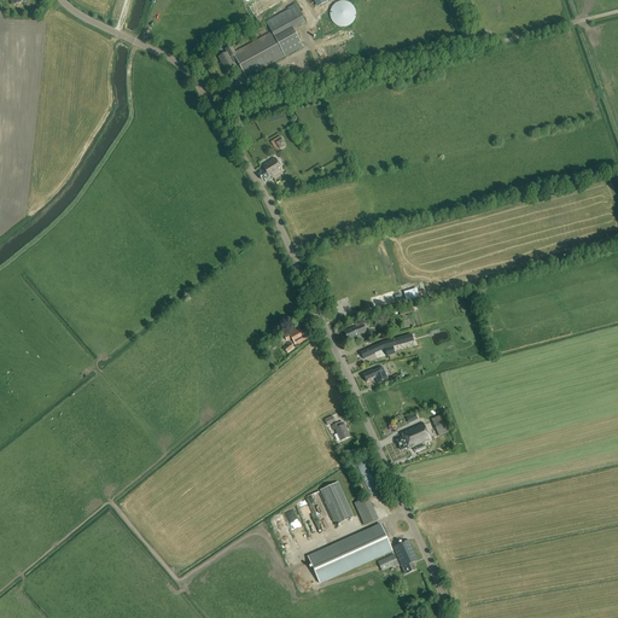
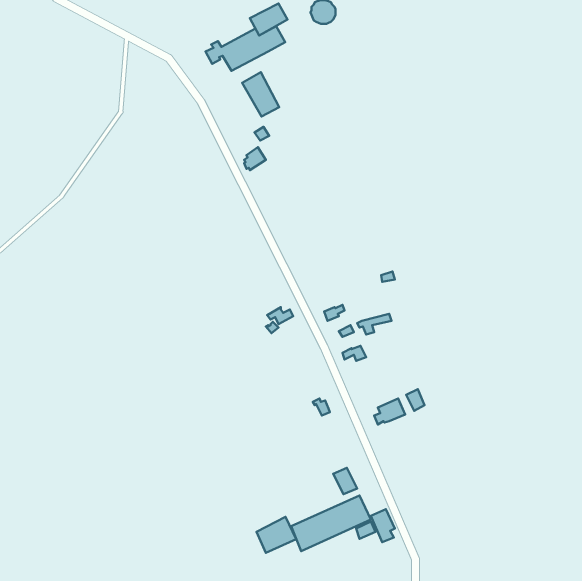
building: none -> [242,72,279,116]
building: [320,482,354,524] -> none
building: none -> [256,517,296,553]

